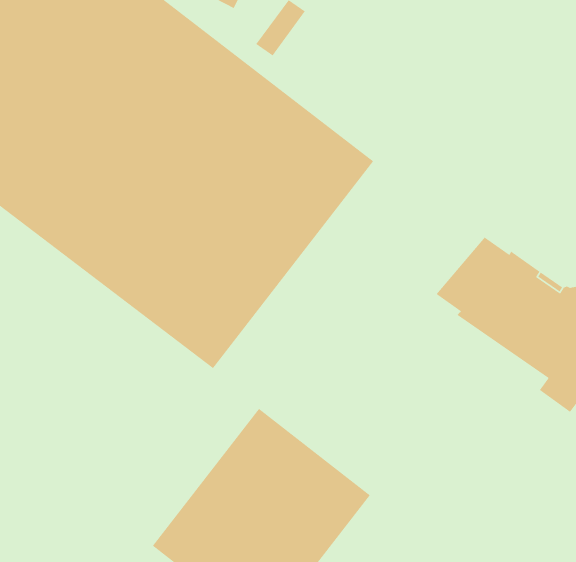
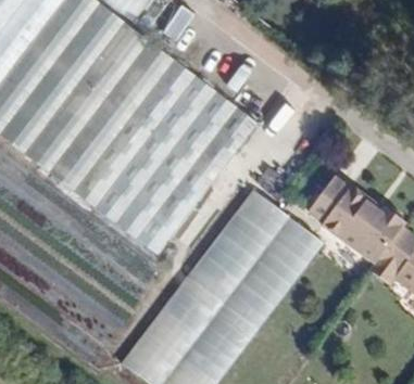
building: none -> [187,192,324,332]

